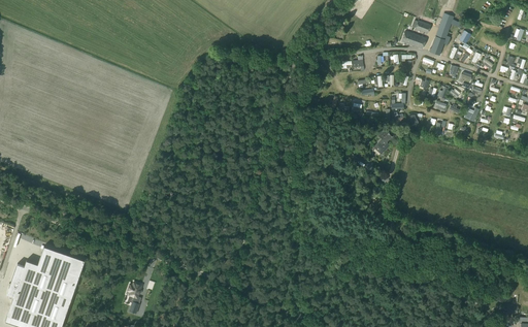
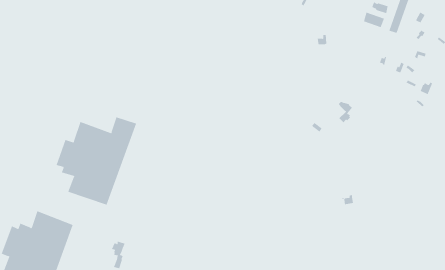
building: none -> [56,117,137,206]

